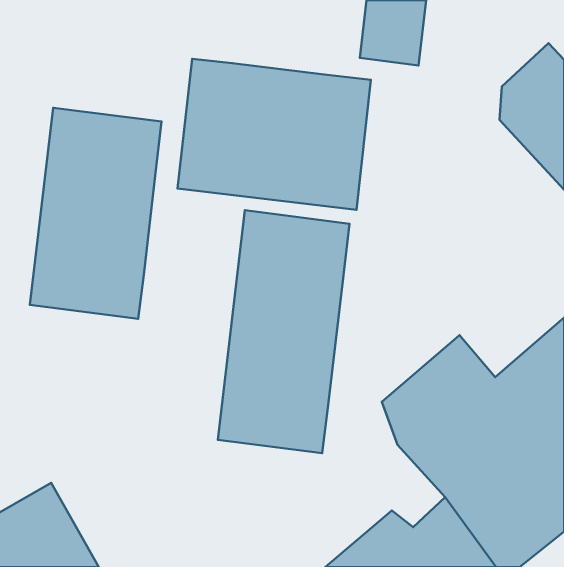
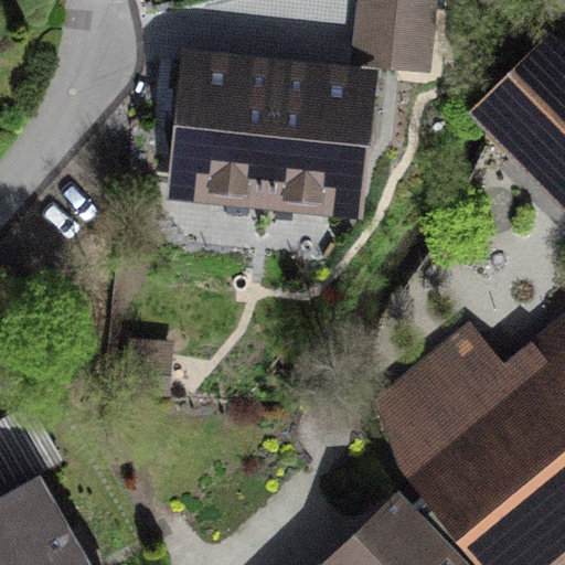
building: [30,108,162,319] -> none
building: [218,210,349,453] -> none

